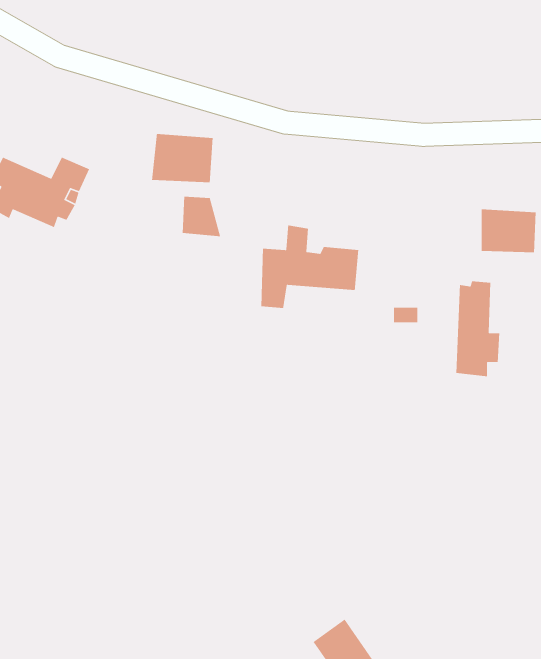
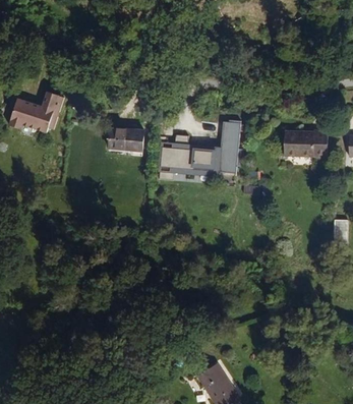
building: [151,133,213,183] -> none
building: [455,281,500,377] -> [220,119,245,174]

